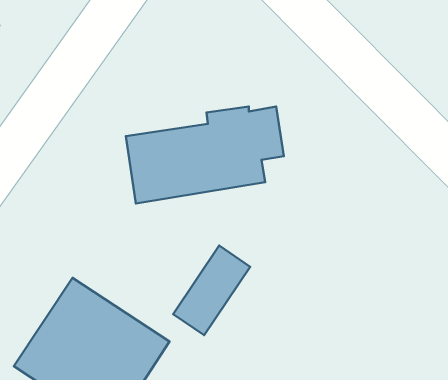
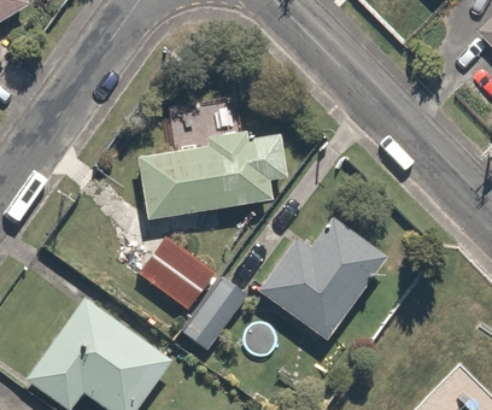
building: none -> [254,211,387,341]
building: none -> [134,230,218,312]

